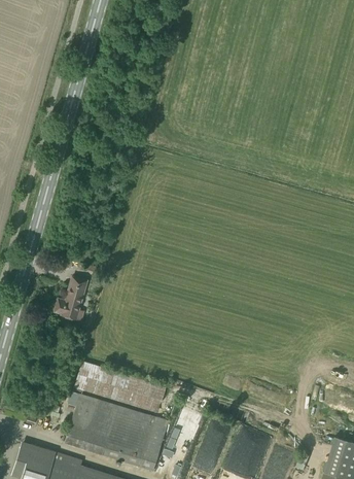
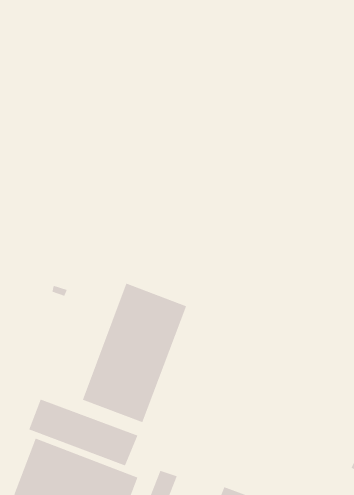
building: none -> [82,283,187,423]
building: [55,275,88,320] -> none

